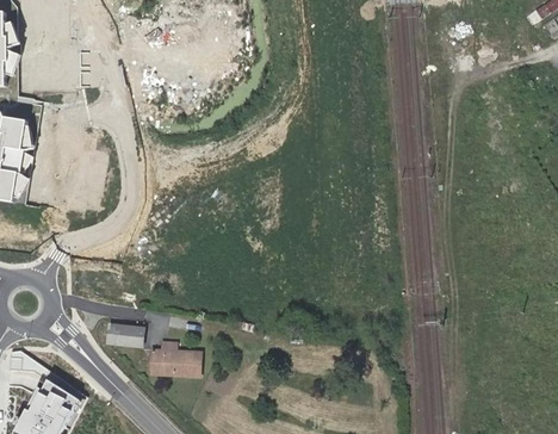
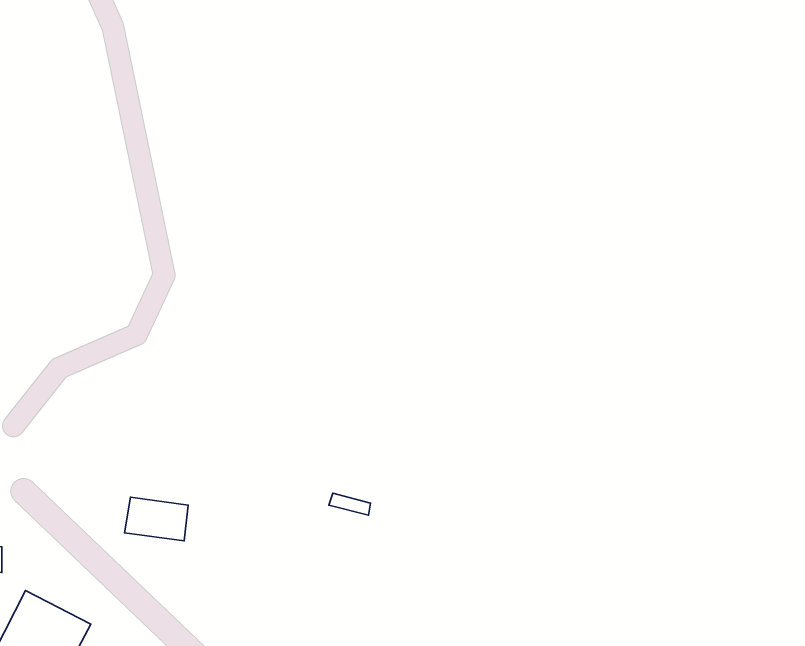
building: [149,349,200,376] -> none

